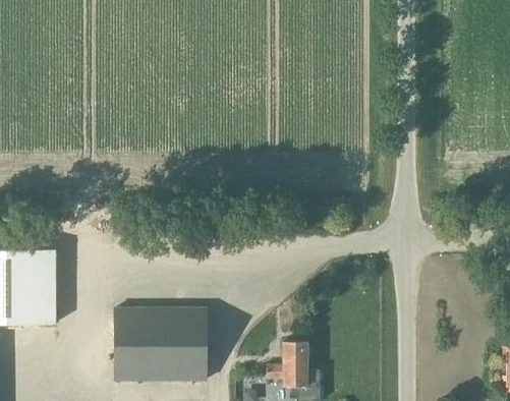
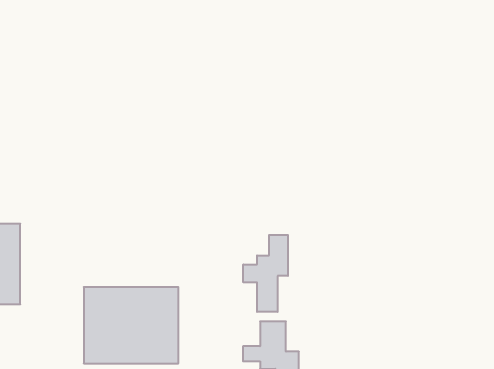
building: none -> [243,235,288,312]

